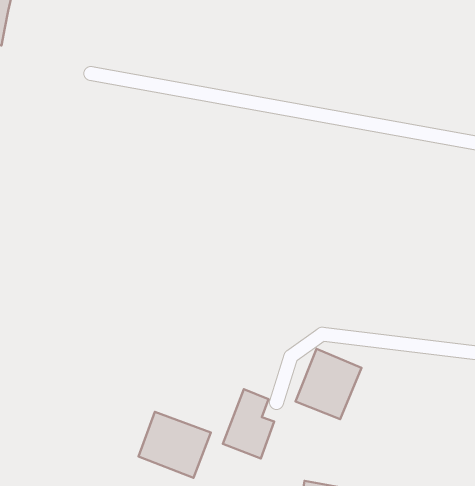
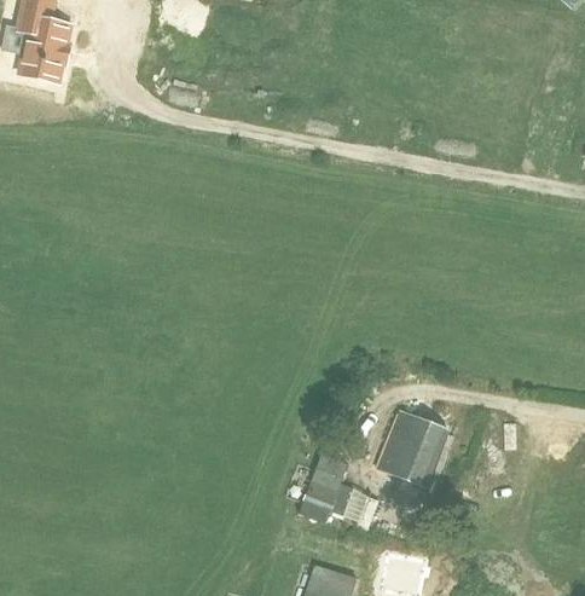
building: [138,412,211,478] -> none

